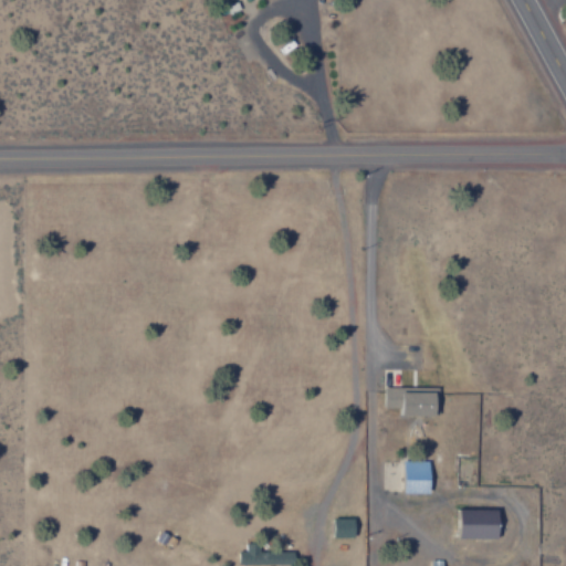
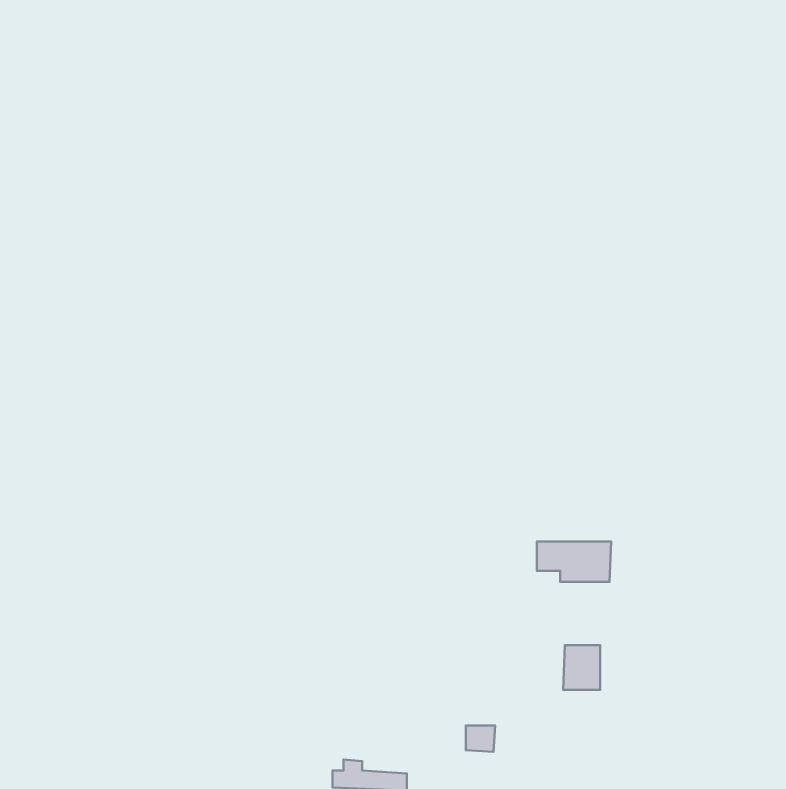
building: [462,510,501,539] -> none

